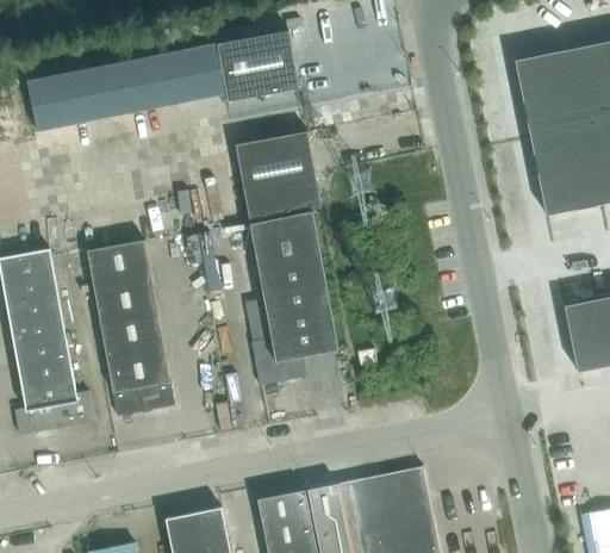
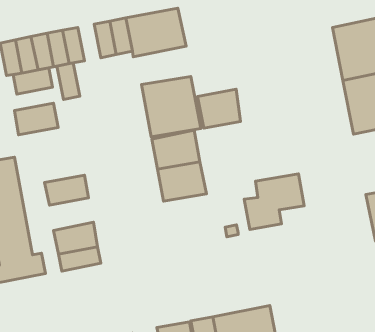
building: [142,55,175,108] -> [57,63,80,99]
building: none -> [13,68,52,94]
building: none -> [198,89,240,128]
building: [87,240,151,286] -> [14,103,58,135]
building: [250,303,338,384] -> [244,174,304,229]
building: [100,309,164,356] -> none

